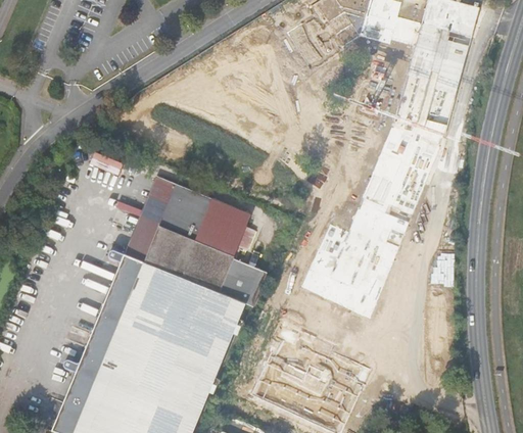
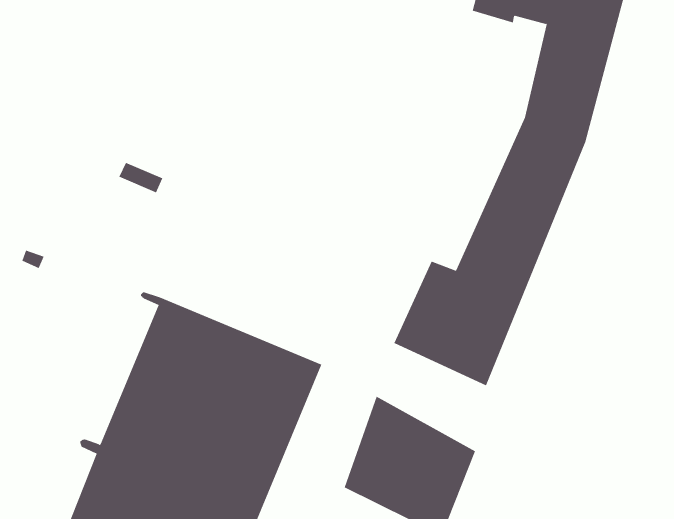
building: [123,176,267,307] -> none

